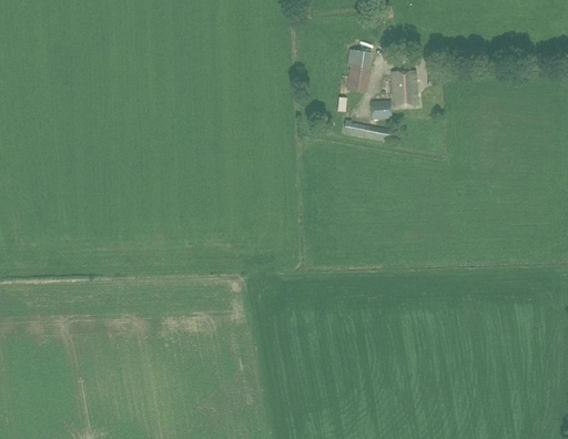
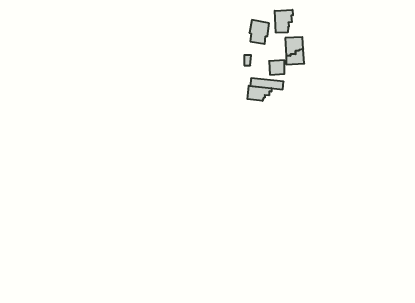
building: none -> [275,10,293,33]
building: none -> [247,86,271,101]

